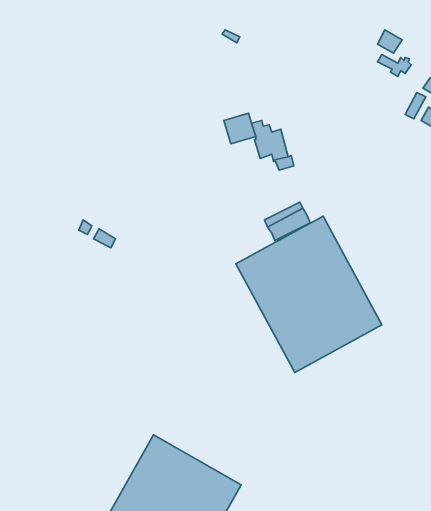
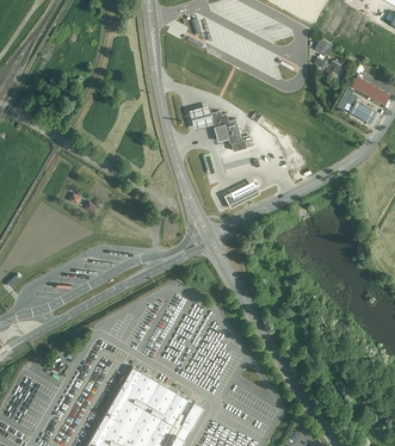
building: [236,216,382,372] -> none

